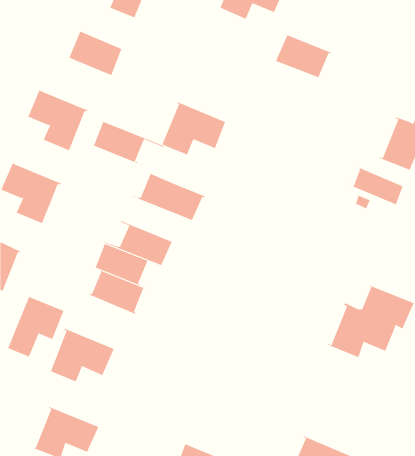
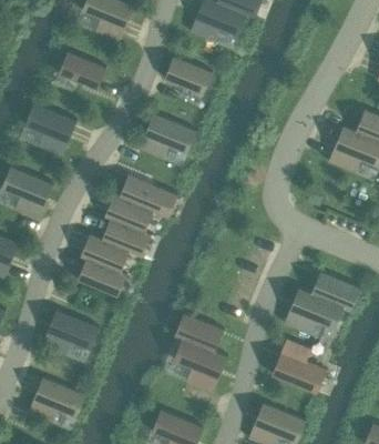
building: [275,34,332,78] -> [164,57,213,94]
building: [91,120,165,167] -> [105,195,170,235]
building: [344,161,406,206] -> none
building: [8,296,64,357] -> none
building: none -> [174,313,228,393]
building: none -> [272,339,327,394]

